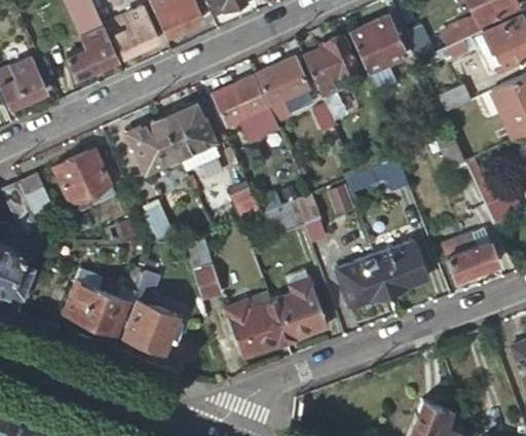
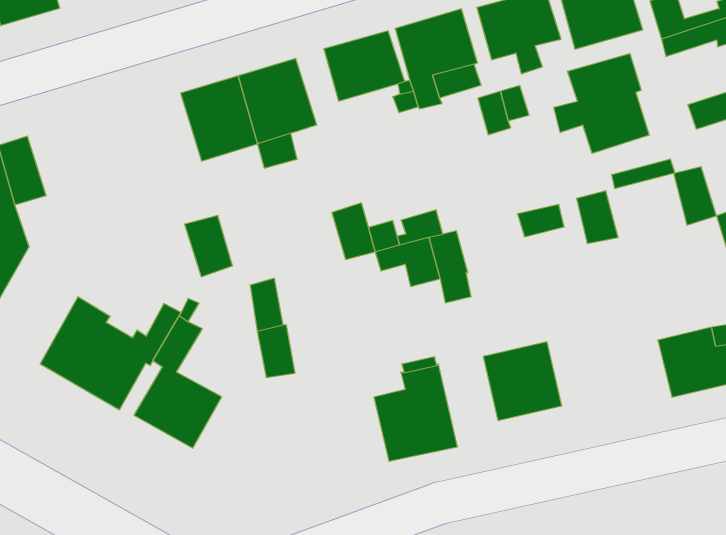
building: none -> [554,54,649,153]
building: [54,150,116,214] -> none
building: [374,242,427,294] -> none
building: [224,302,287,359] -> none

